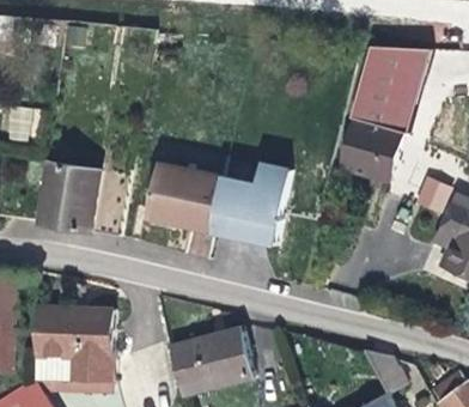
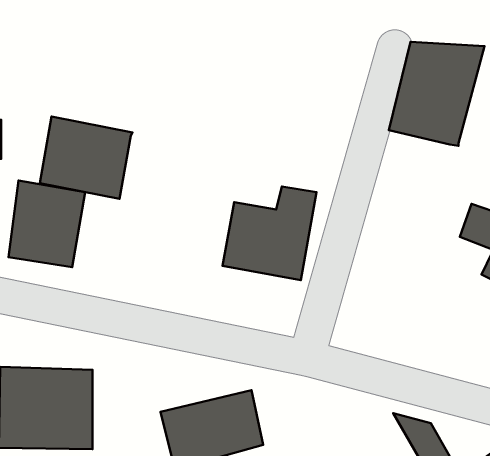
building: [343,116,406,178] -> none
building: [152,160,229,229] -> [40,117,132,199]

